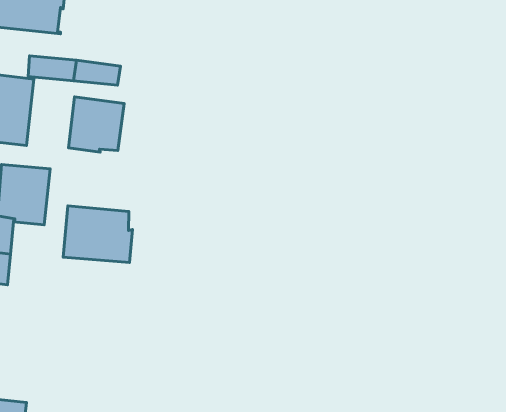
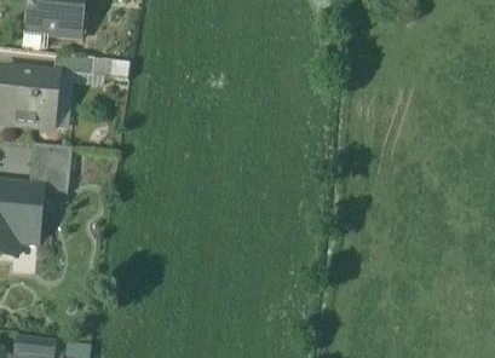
building: [69,97,124,152] -> none
building: [63,206,132,263] -> none

